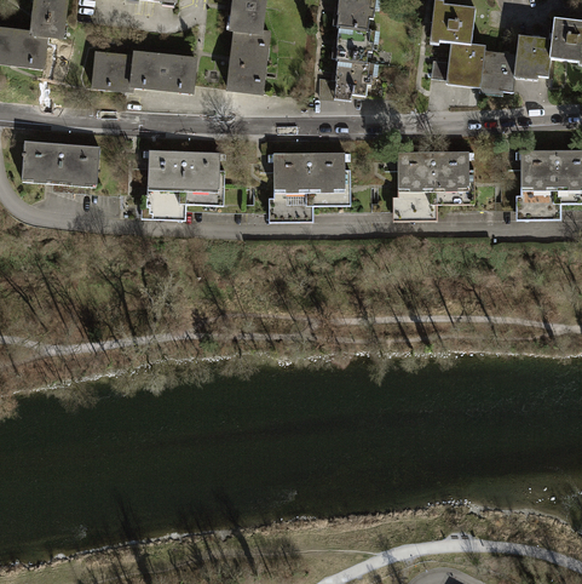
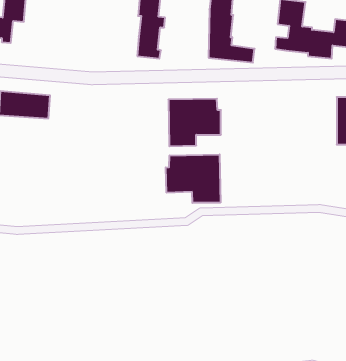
building: [91,52,192,93] -> none
building: [146,149,225,219] -> none
building: [398,150,476,221] -> none
building: none -> [166,154,220,203]

